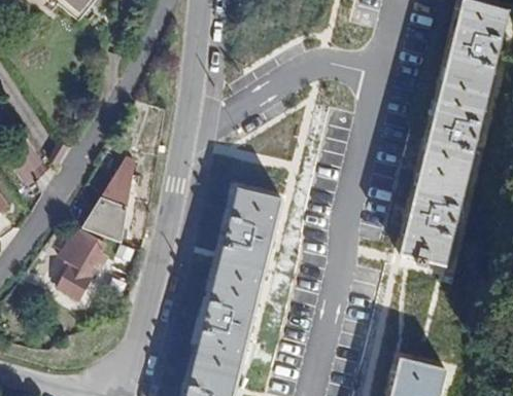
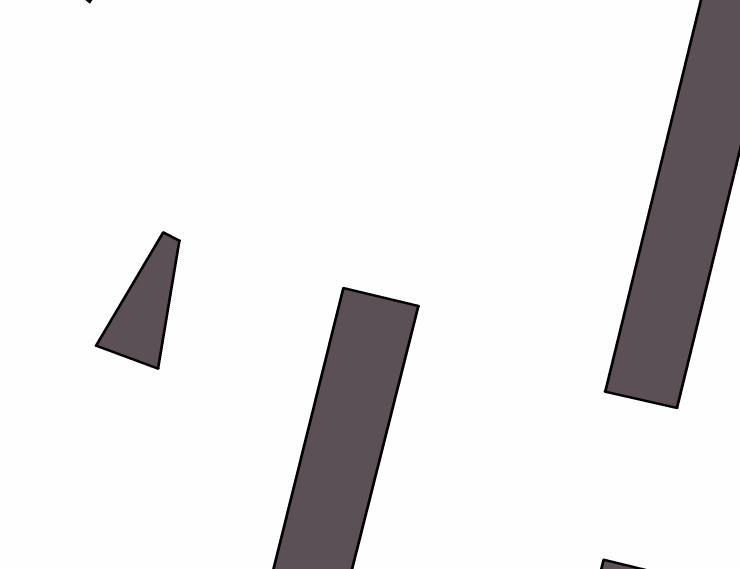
building: [55,232,104,297] -> none

